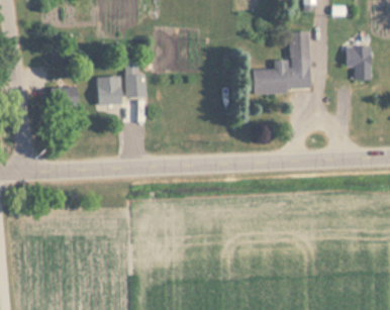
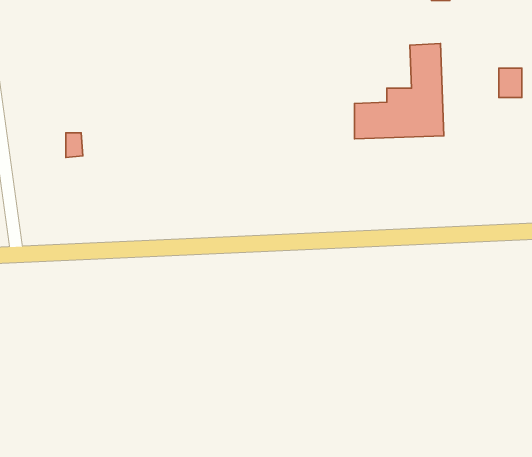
building: [125,76,145,97] -> none
building: [97,77,121,106] -> none

